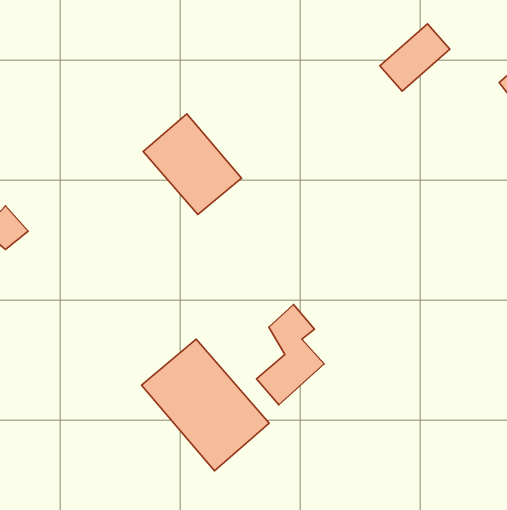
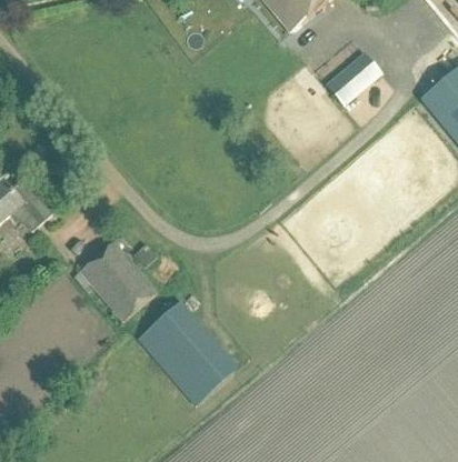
building: [143,114,241,215] -> [80,239,158,319]
building: [257,305,324,405] -> none

